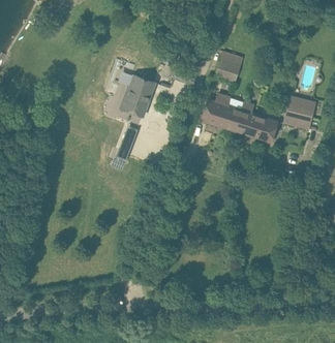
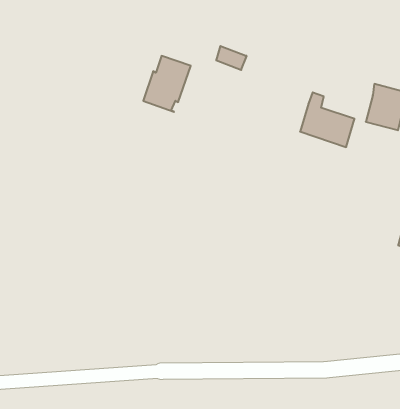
building: [215,52,242,85] -> none
building: [201,94,242,131] -> none

